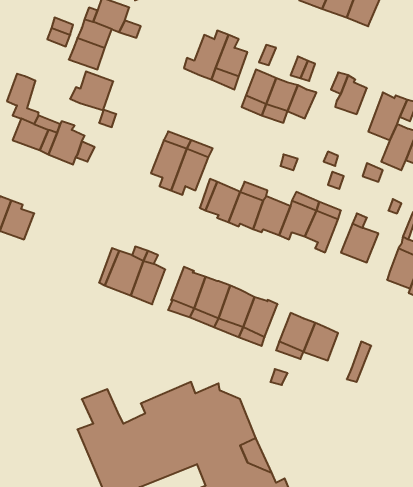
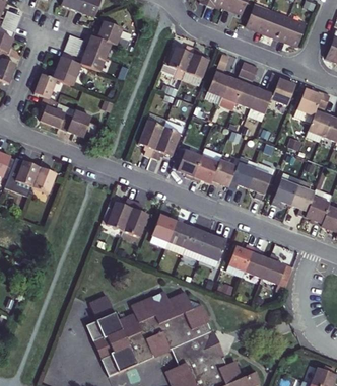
building: [70,71,113,110] -> [50,58,80,85]
building: none -> [244,88,269,121]
building: none -> [290,187,315,214]
building: none -> [263,257,286,283]

